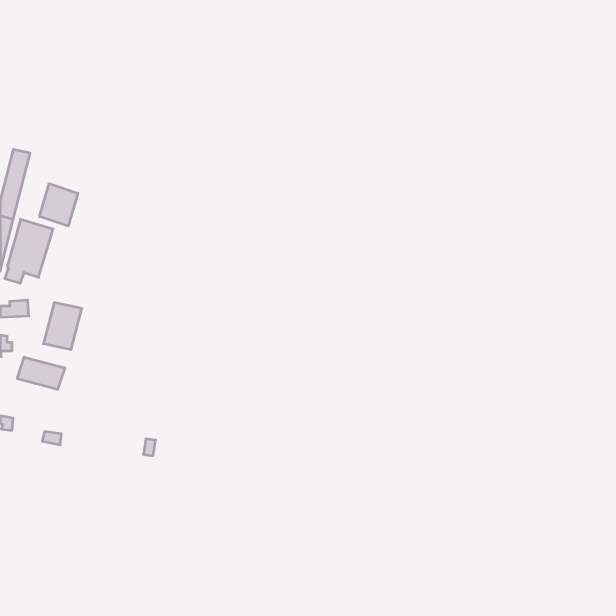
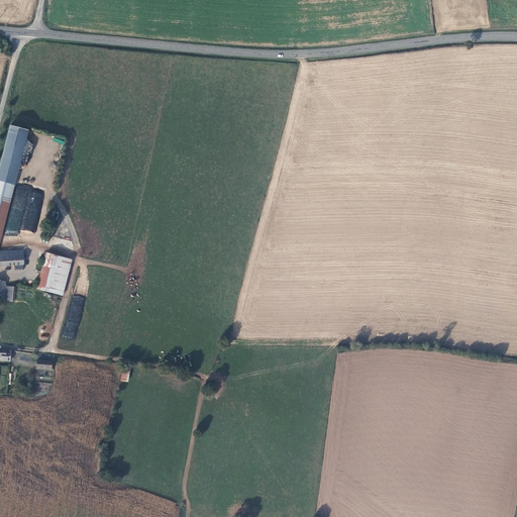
building: [40,184,78,226] -> none
building: [17,357,65,389] -> none

